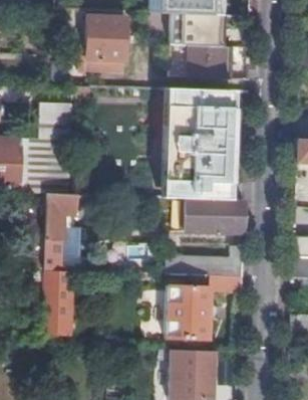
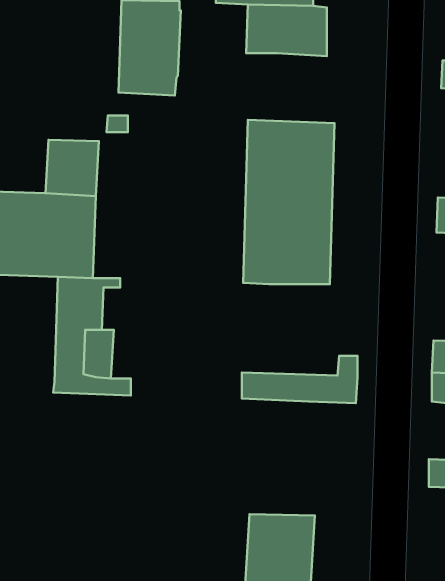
building: [189,45,230,78] -> none
building: [184,198,245,232] -> none
building: [40,273,74,334] -> none
building: [166,275,242,341] -> none

